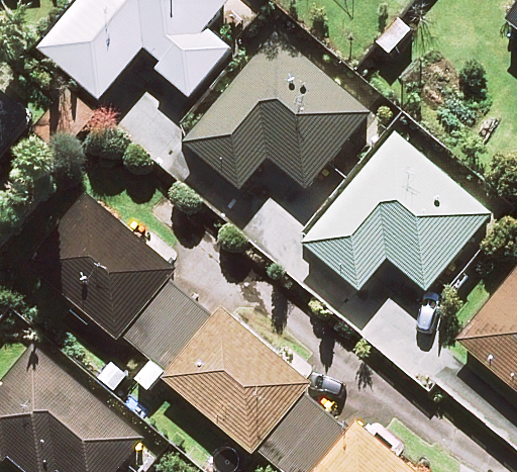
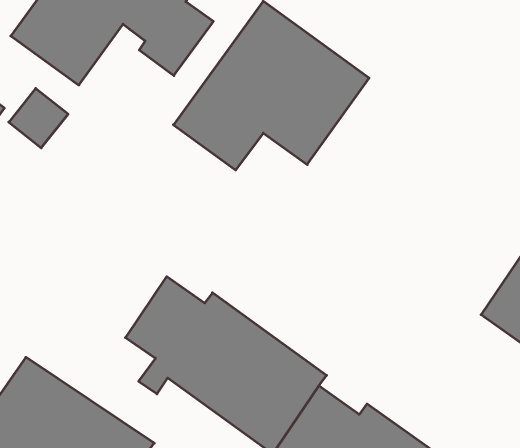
building: [303,132,490,289] -> none
building: [24,194,167,342] -> none

